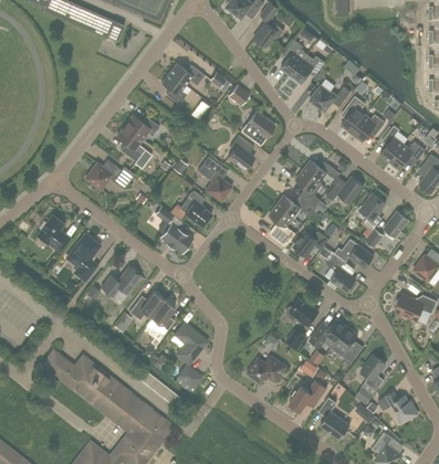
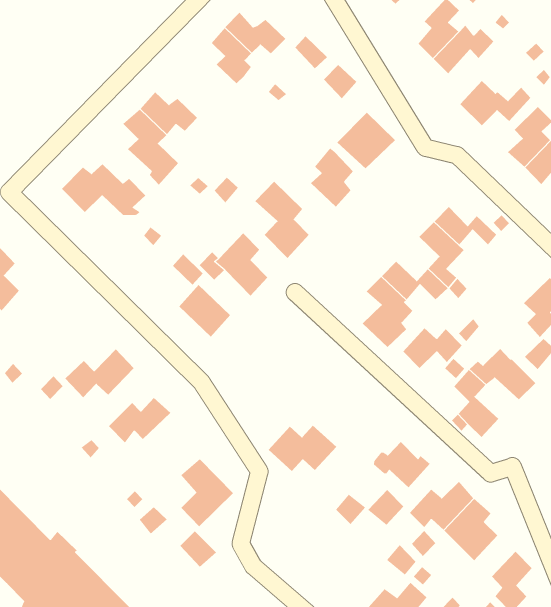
building: [326,176,364,202] -> none
building: [65,232,101,281] -> none
building: [150,298,175,336] -> none
building: [247,355,286,383] -> [268,425,337,472]

